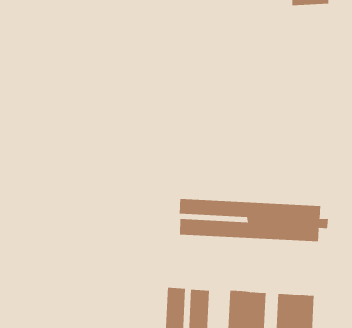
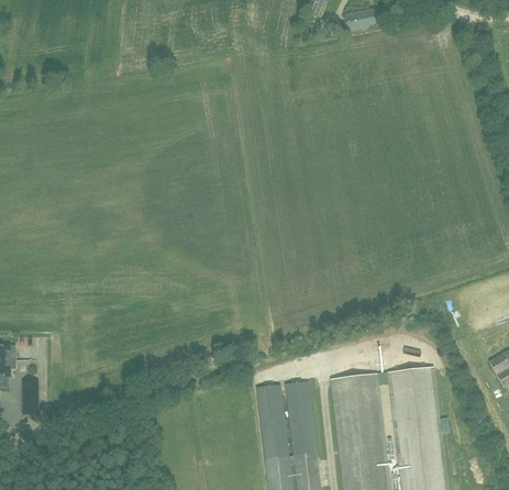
building: [179,198,328,242] -> none

